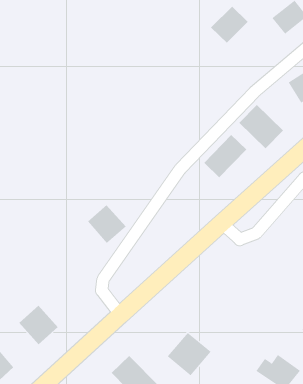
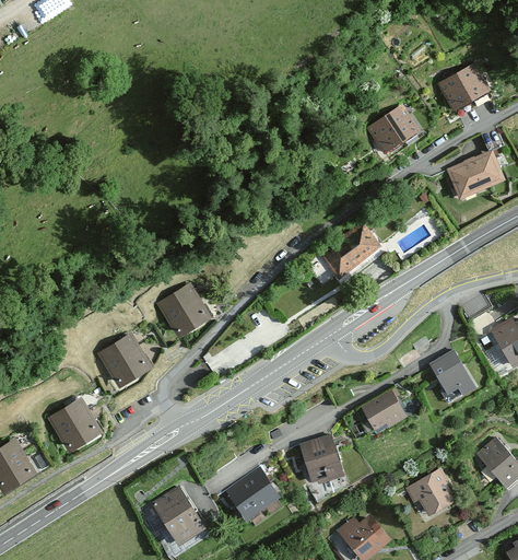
building: [210,6,249,43] -> [365,105,415,152]
building: [239,104,284,149] -> none
building: none -> [96,335,148,386]
building: none -> [363,389,413,436]
building: none -> [304,438,348,488]

